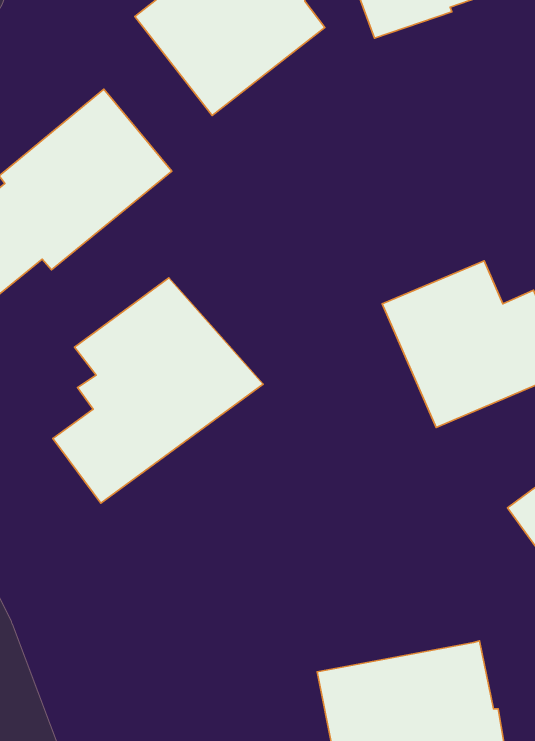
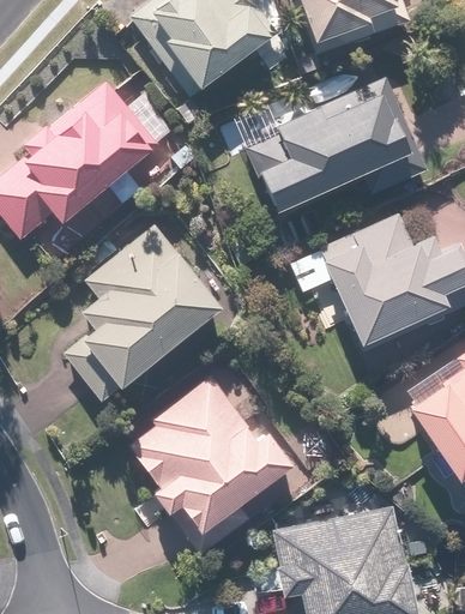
building: none -> [248,80,416,213]
building: none -> [126,375,296,559]

